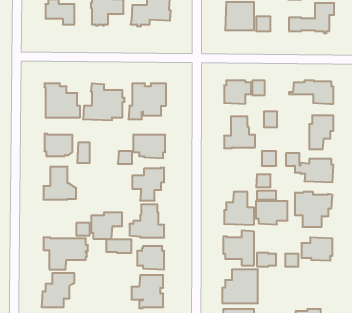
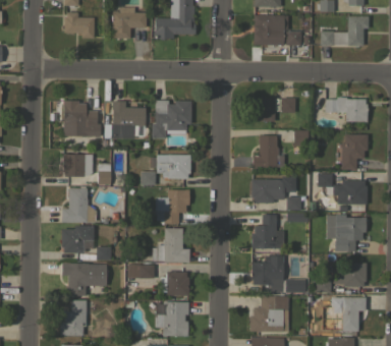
building: [256,201,288,224] -> [252,179,285,204]
building: [91,213,122,239] -> [62,226,95,253]
building: none -> [332,297,366,332]

